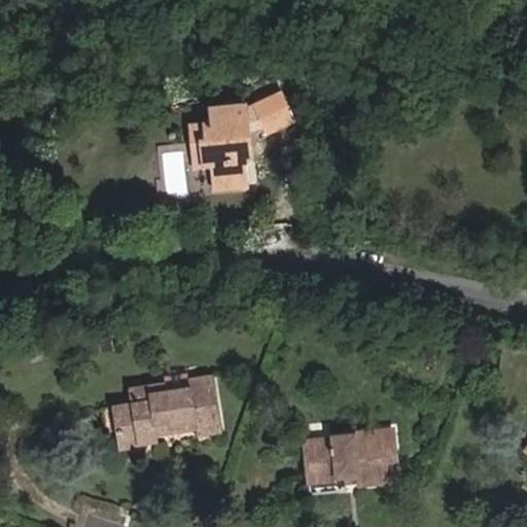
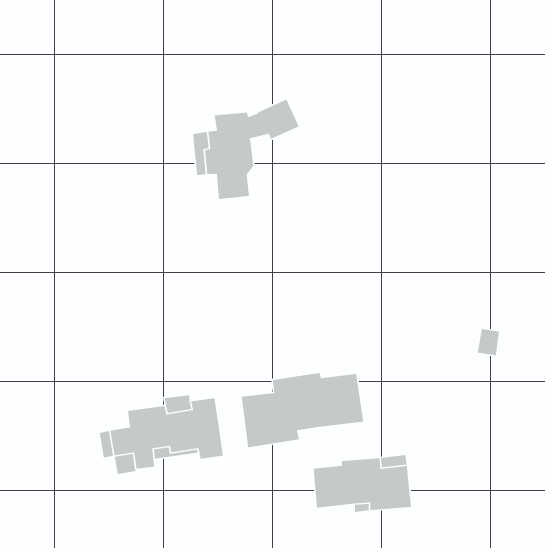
building: none -> [241,372,364,448]

